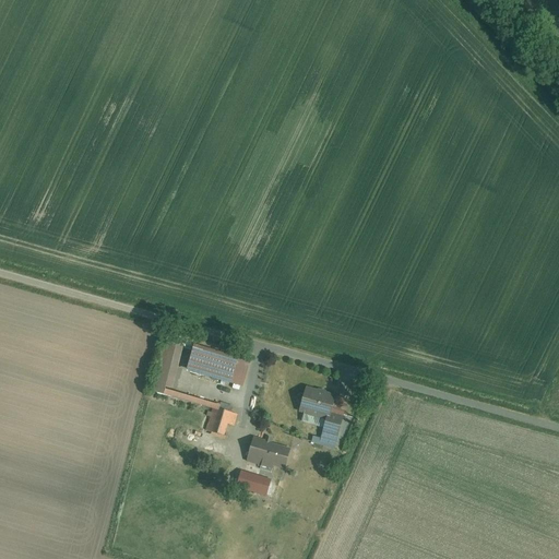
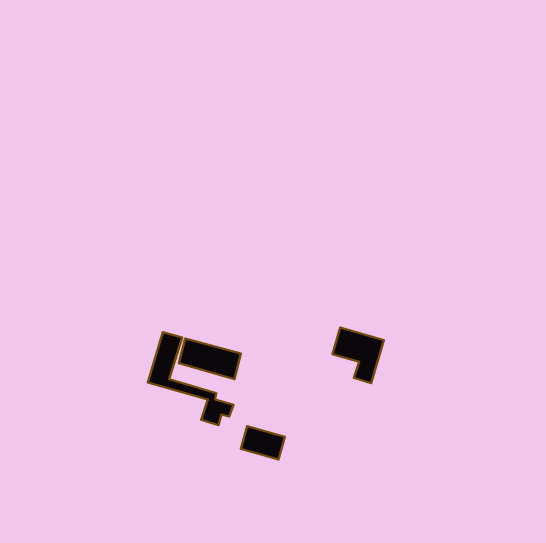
building: [297,385,349,442] -> [333,327,384,383]
building: [235,468,267,492] -> none

